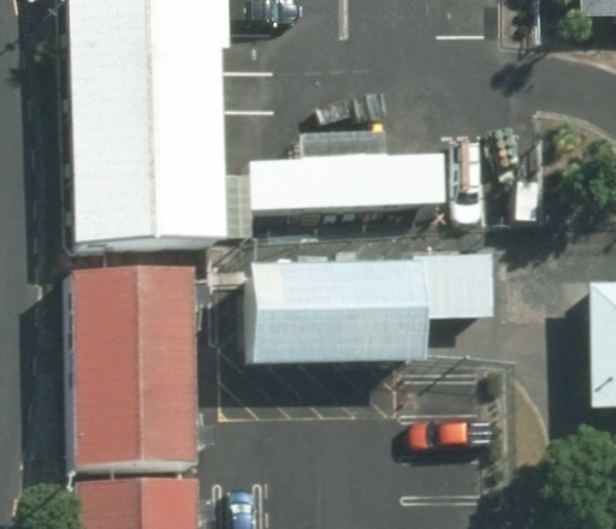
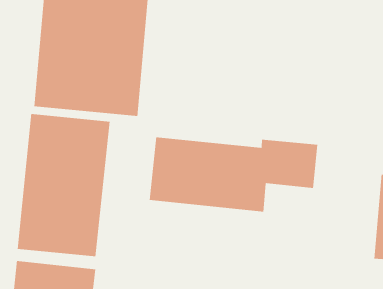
building: [255,131,446,208] -> none

